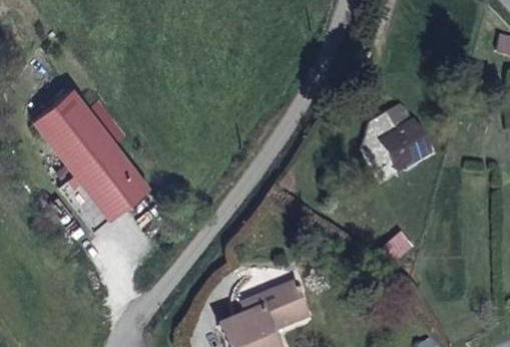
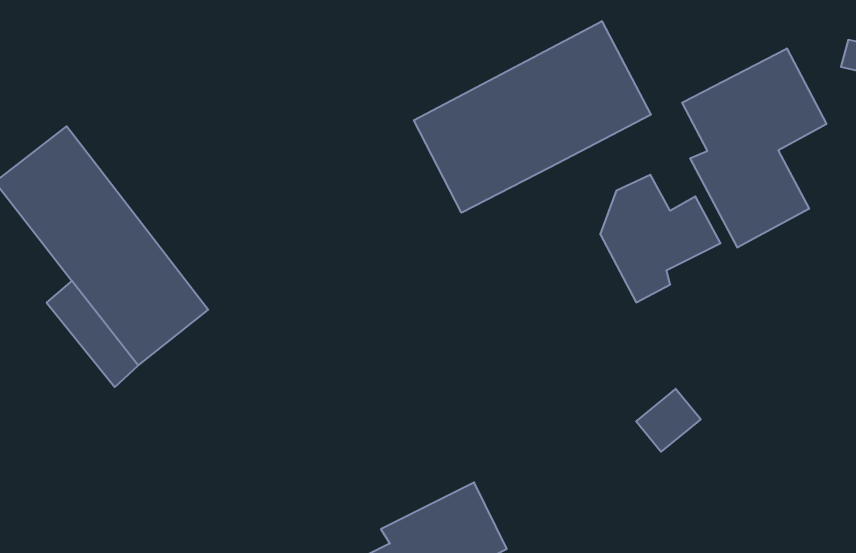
building: none -> [414,21,651,213]
building: none -> [682,48,826,248]

